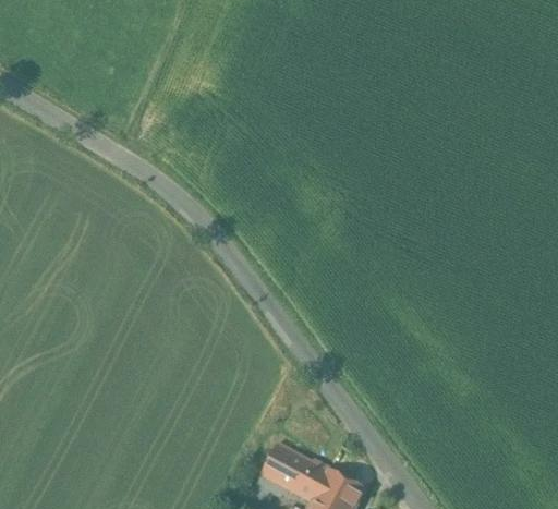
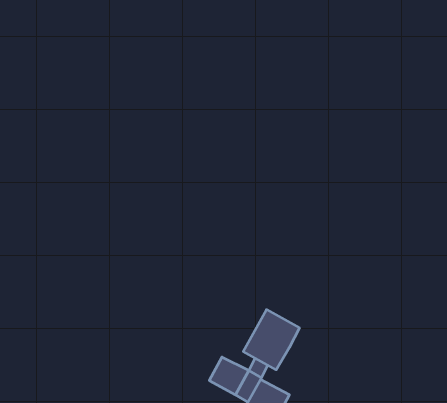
building: none -> [243,310,299,370]

